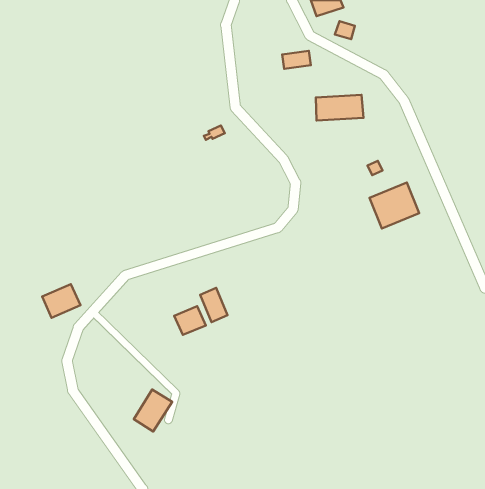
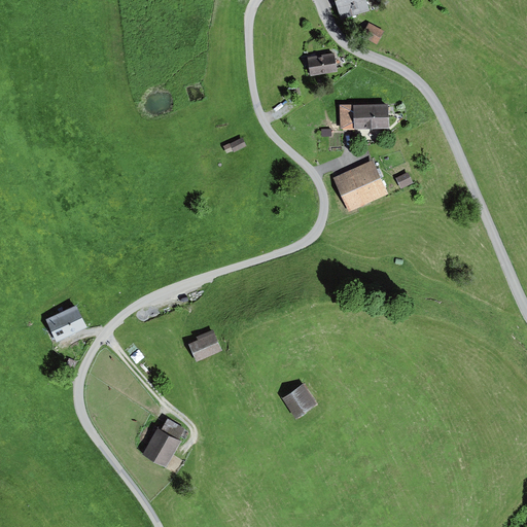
building: [369,183,419,229] -> [335,160,388,209]
building: [200,288,228,322] -> none
building: none -> [283,386,317,418]

